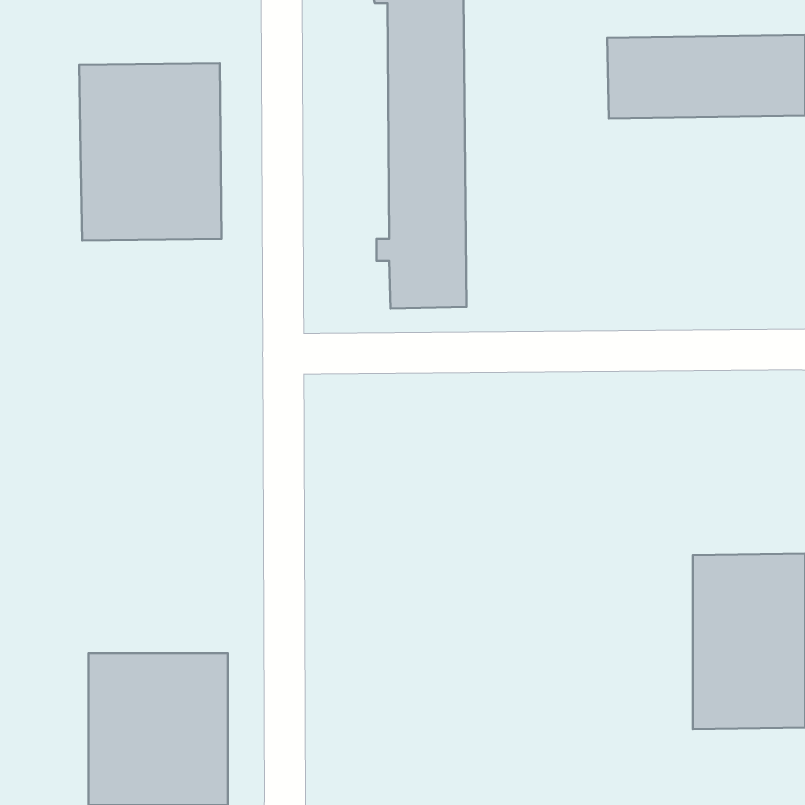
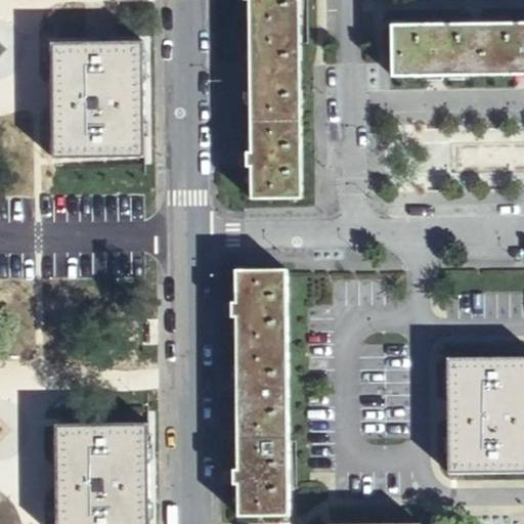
building: none -> [226,271,285,516]

